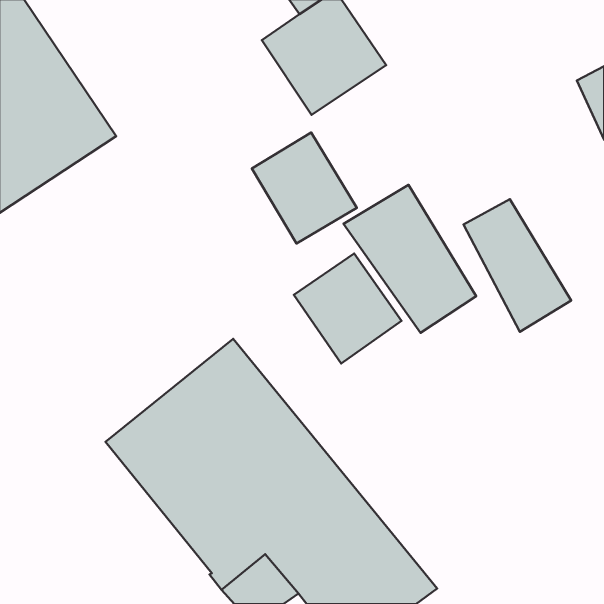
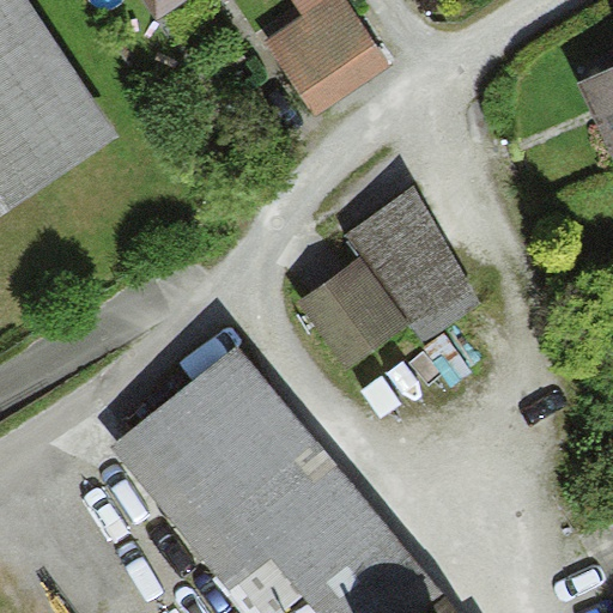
building: [252,132,357,243] -> none
building: [464,199,571,332] -> none

